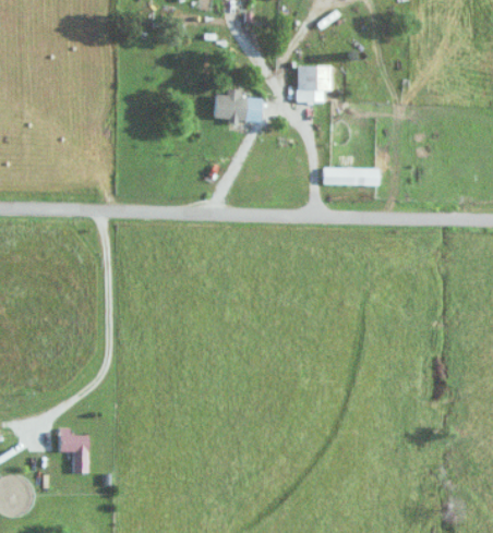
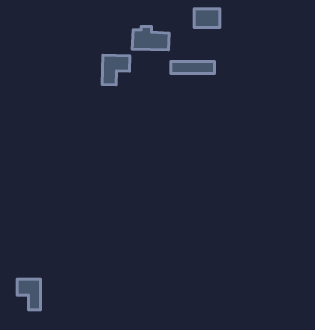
building: none -> [102,55,130,85]
building: [322,168,381,184] -> [171,62,214,74]

